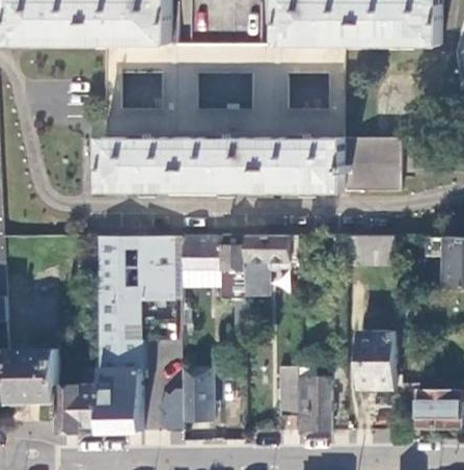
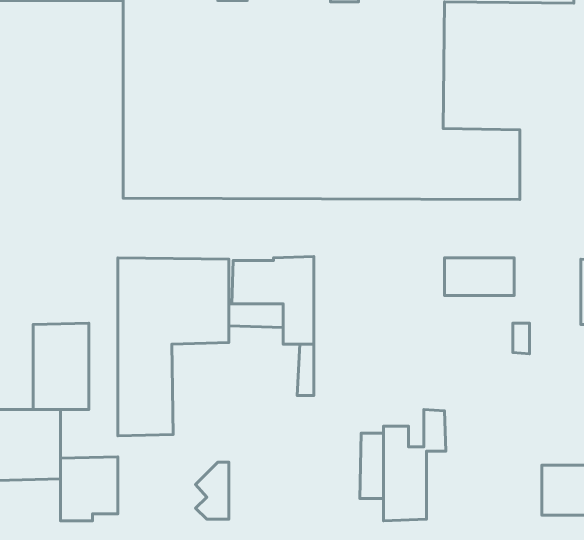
building: [246,235,298,297] -> none
building: [358,332,394,391] -> none
building: [100,368,141,433] -> [33,323,89,409]
building: [183,370,211,422] -> none

